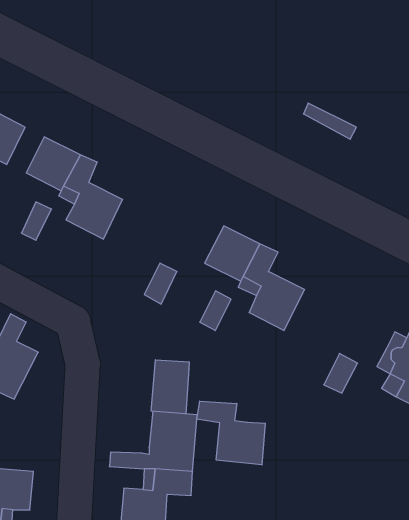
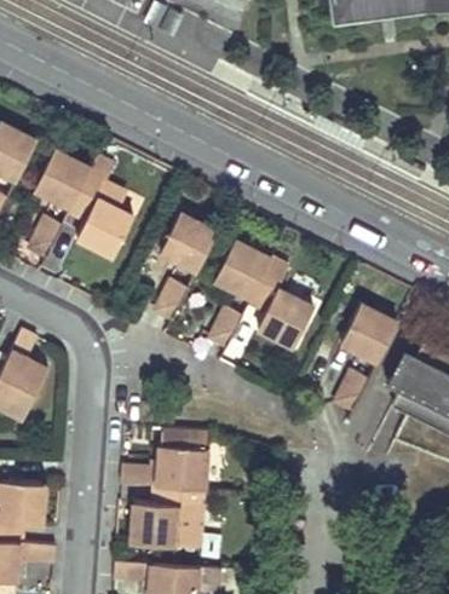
building: none -> [162,213,215,269]
building: none -> [341,304,398,362]
building: [151,360,189,414] -> none
building: [197,401,265,465] -> none

